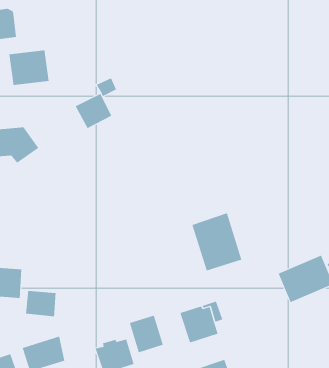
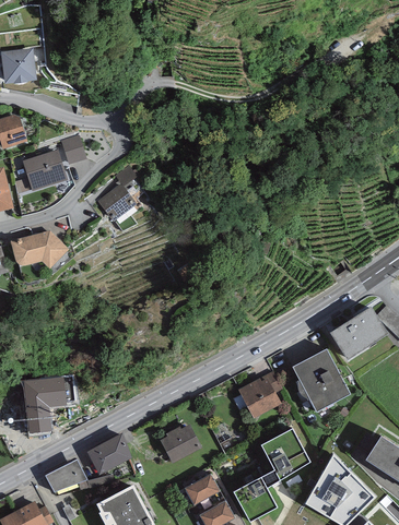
building: none -> [60,138,85,165]
building: [191,213,242,271] -> [292,349,349,411]
building: [25,290,56,317] -> none
building: [129,315,164,353] -> none

